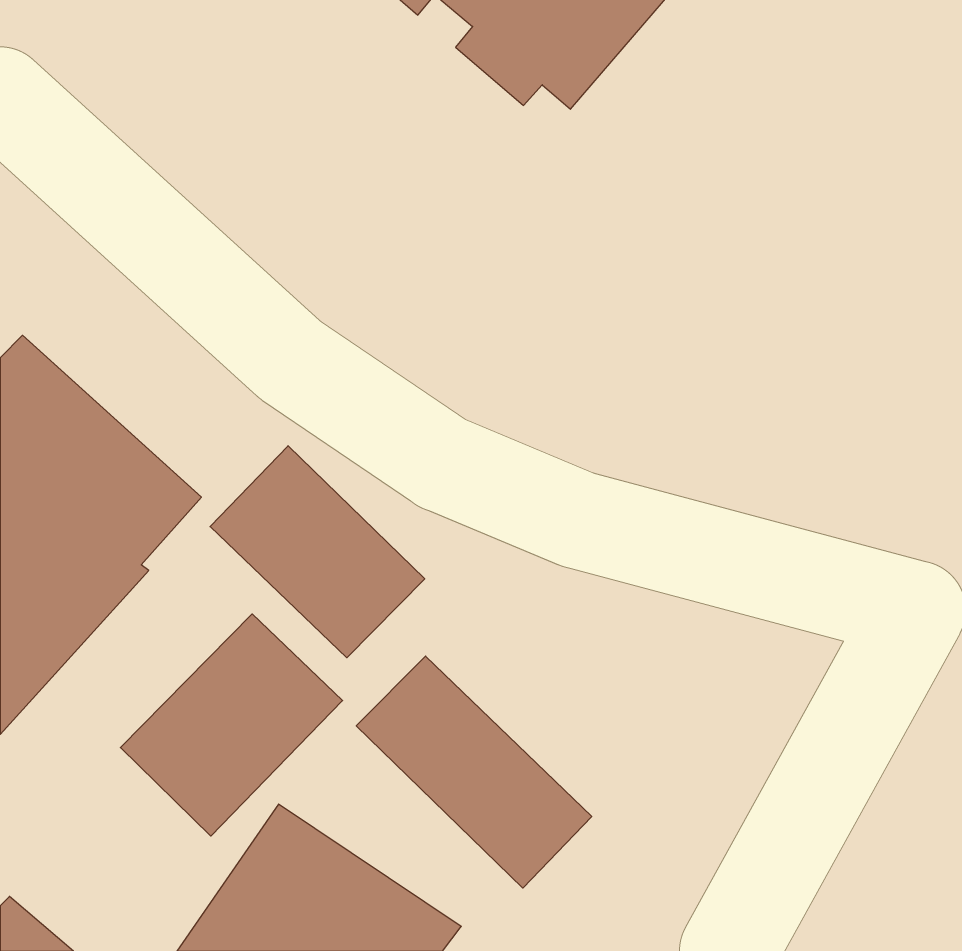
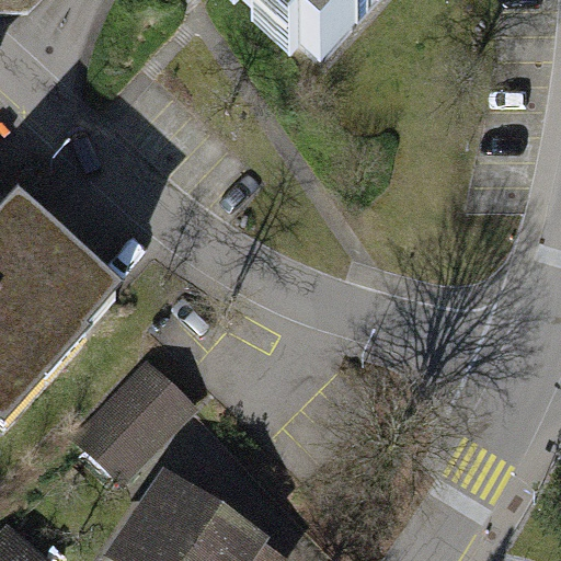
building: [210,446,425,658] -> none
building: [356,656,592,888] -> none

